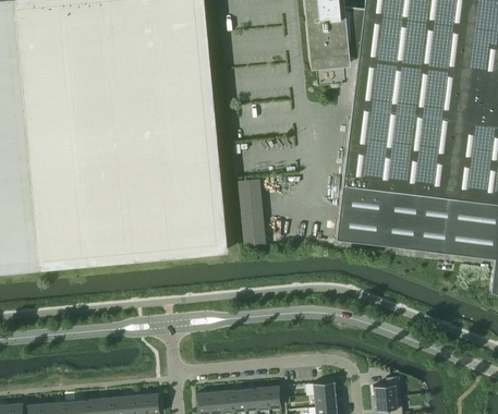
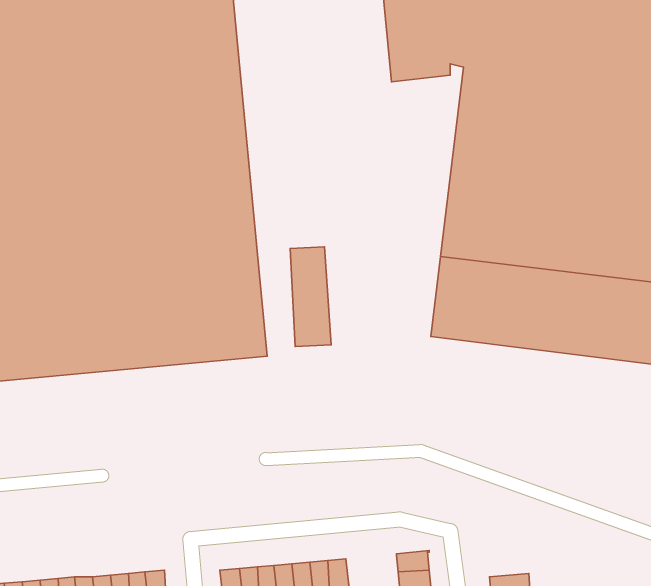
building: [373,377,401,399] -> none

